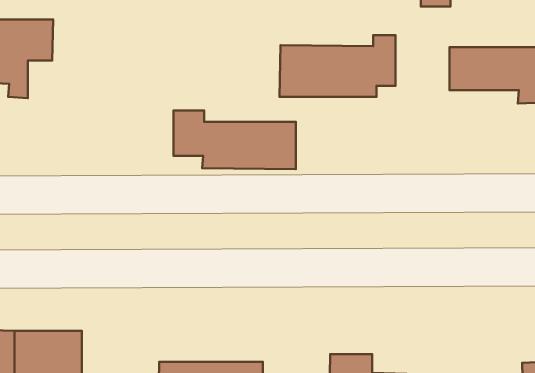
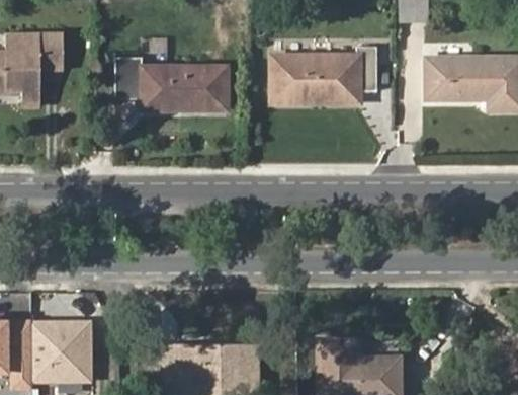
building: [173,111,296,169] -> [114,57,227,110]

